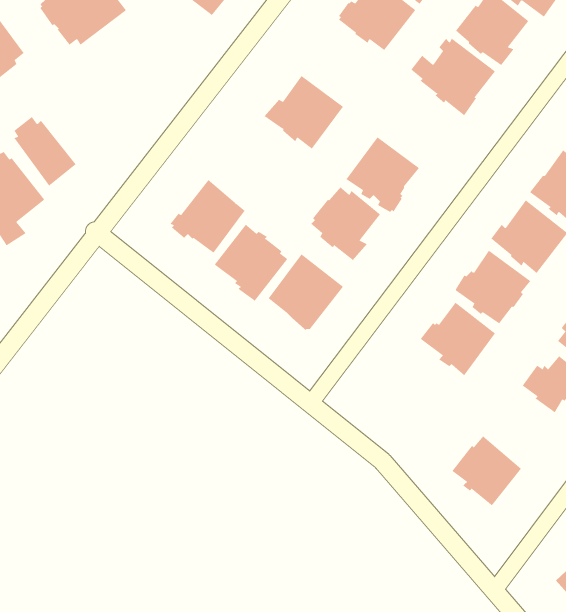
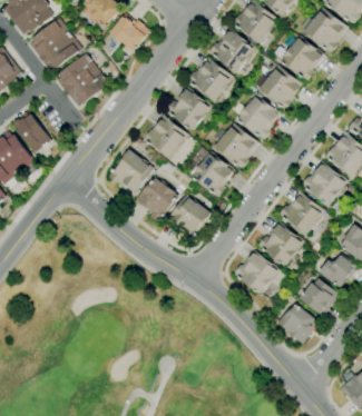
building: none -> [57,53,110,108]
building: none -> [187,58,233,102]
building: none -> [238,97,281,140]
building: none -> [143,116,189,160]
building: none -> [234,251,280,295]
building: none -> [299,278,340,317]

